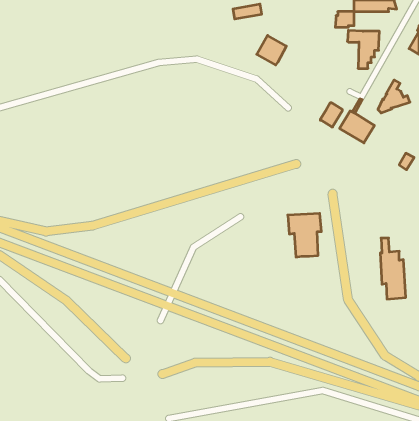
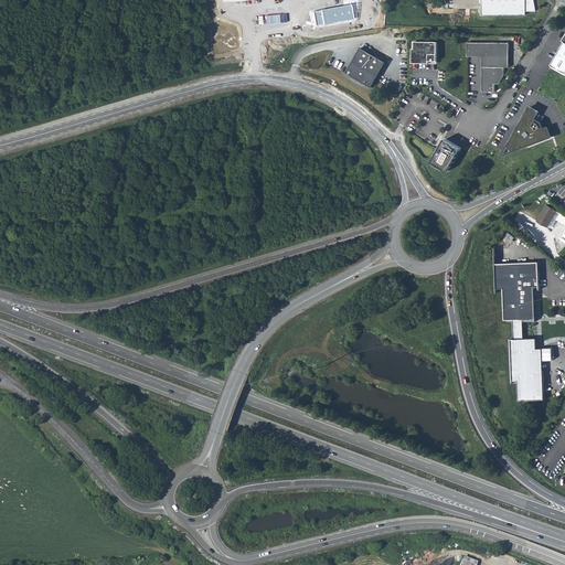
building: [335,12,354,27] -> [411,41,436,62]
building: [340,111,374,143] -> none
building: [288,213,321,257] -> [492,262,537,320]

